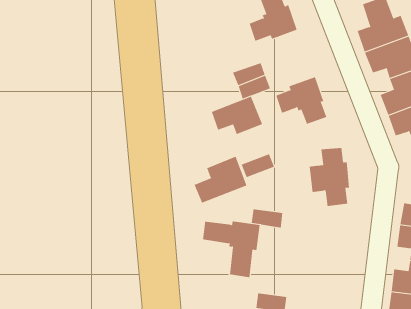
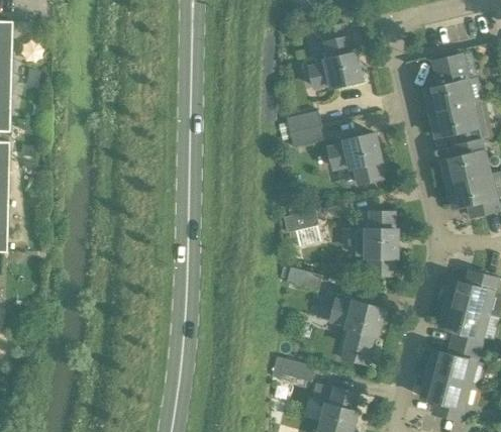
building: [211,96,263,135] -> none
building: [194,156,247,203] -> none
building: [202,221,261,278] -> [319,298,384,364]

